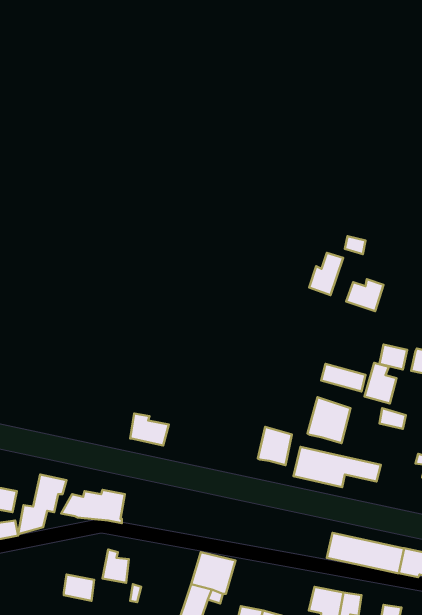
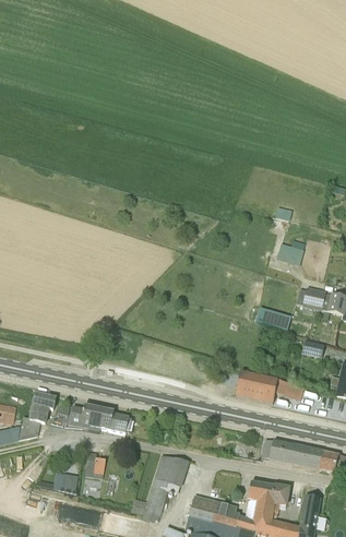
building: [309,253,343,295] -> none
building: [365,363,396,404] -> none
building: [308,397,351,443] -> none
building: [130,414,169,445] -> [98,408,129,433]
building: [258,427,292,465] -> none

